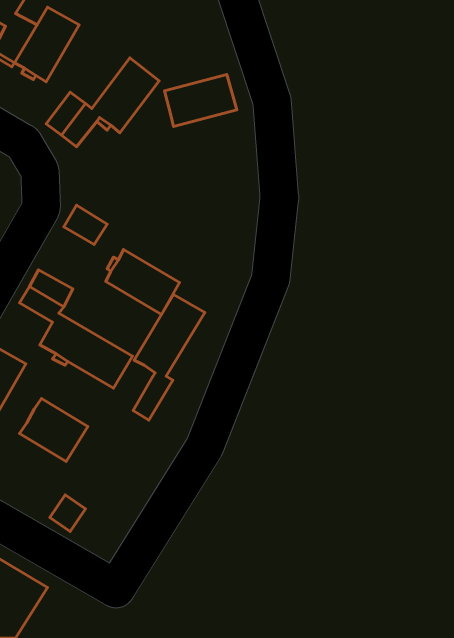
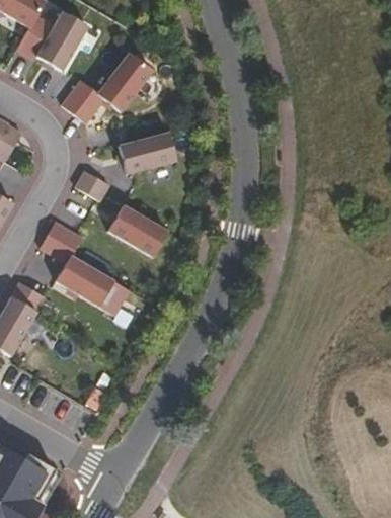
building: [165,74,237,126] -> [120,133,177,174]
building: [133,295,205,420] -> none
building: [20,399,88,461] -> none

